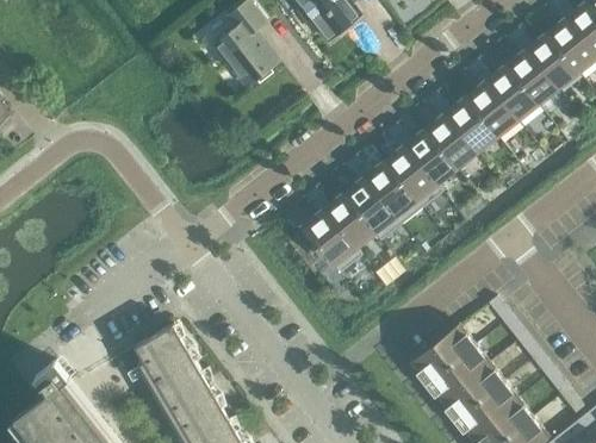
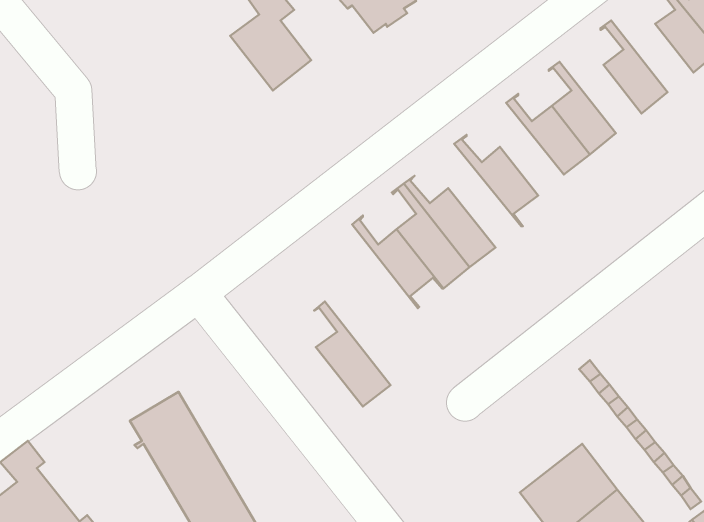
building: [510,26,575,89] -> none
building: [470,58,534,121] -> none
building: [420,98,473,170] -> none
building: [379,130,440,211] -> none
building: [299,193,359,275] -> [314,301,390,406]
building: [409,327,488,403] -> none

